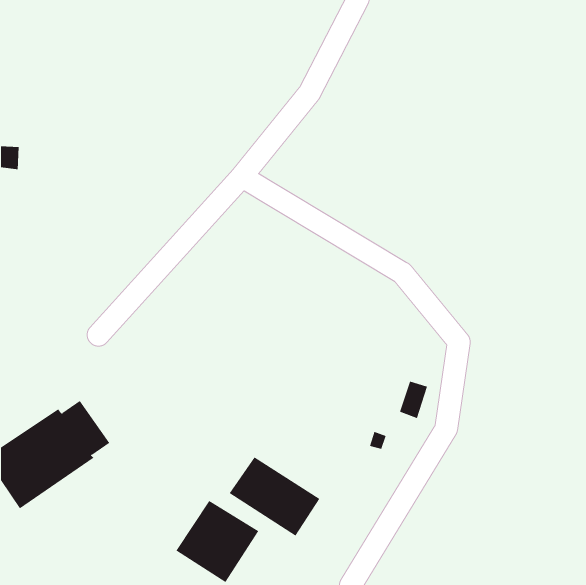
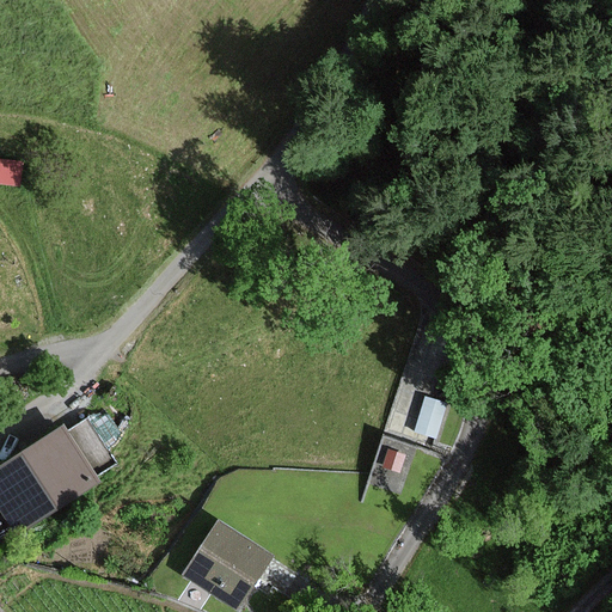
building: [229,457,320,536] -> none

